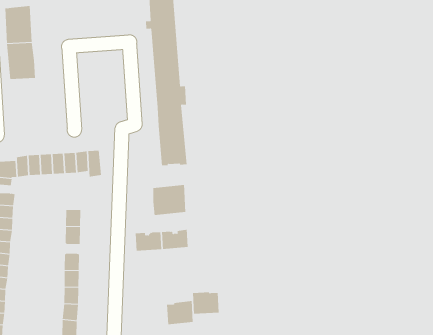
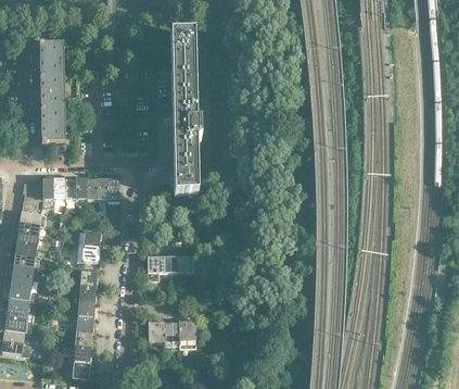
building: none -> [41,110,66,143]
building: [153,184,186,216] -> none
building: [192,292,219,314] -> [149,321,173,340]

